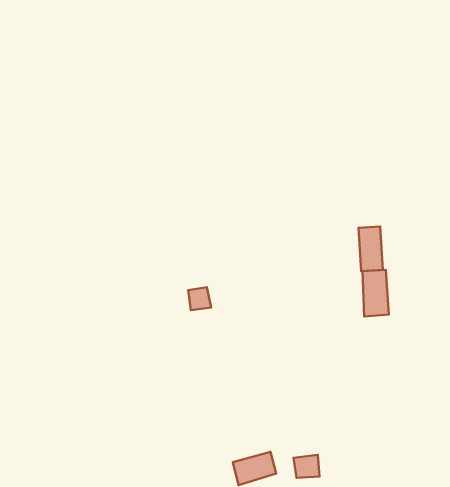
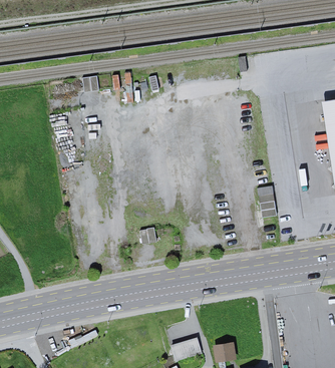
building: [363,270,389,317] -> none

